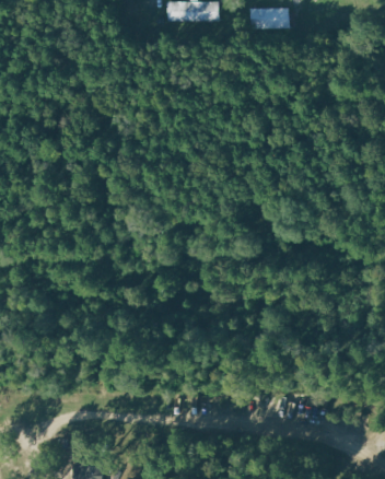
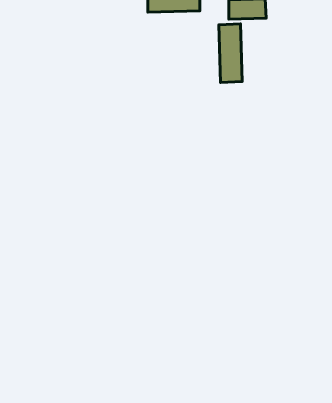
building: none -> [219,24,242,83]

